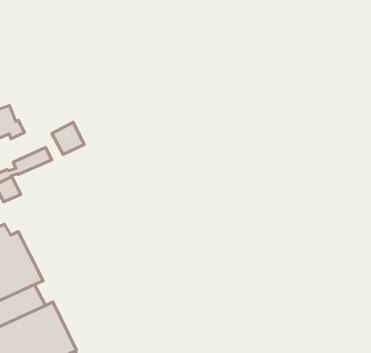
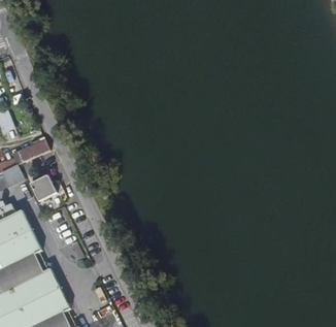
building: [52,122,84,154] -> [29,174,56,201]

